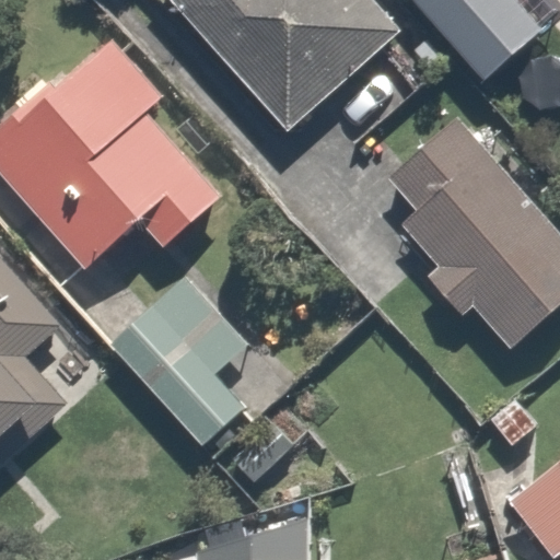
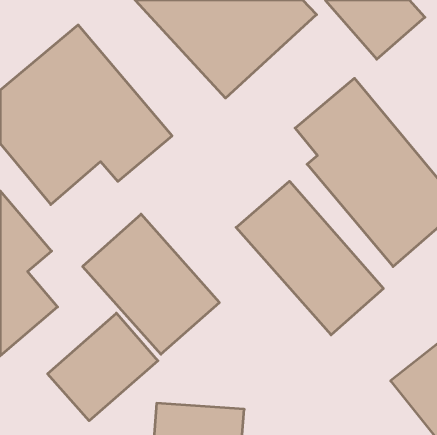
building: none -> [236,181,383,335]
building: none -> [48,313,158,421]

